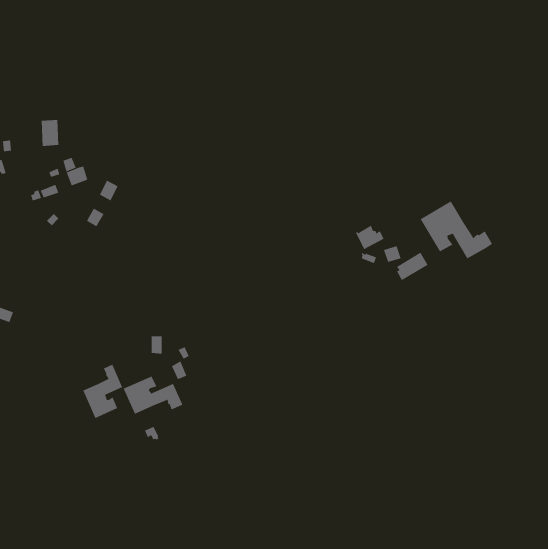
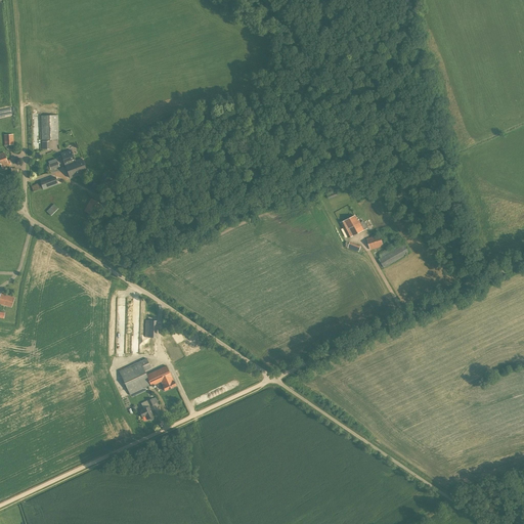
building: [420,201,493,259] -> none
building: [83,364,123,419] -> none

